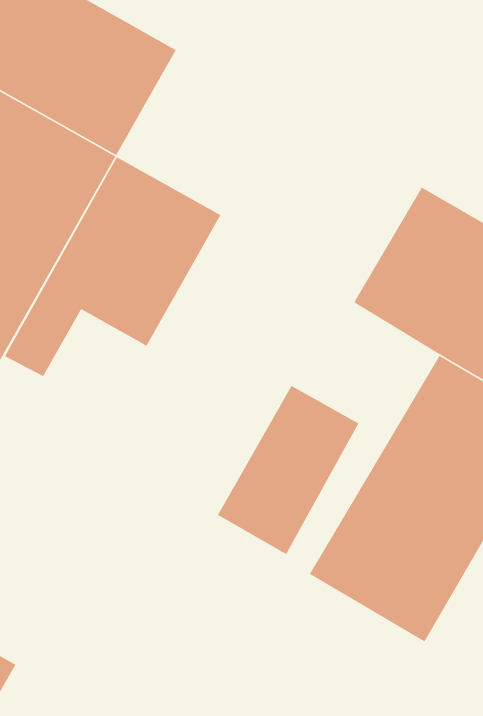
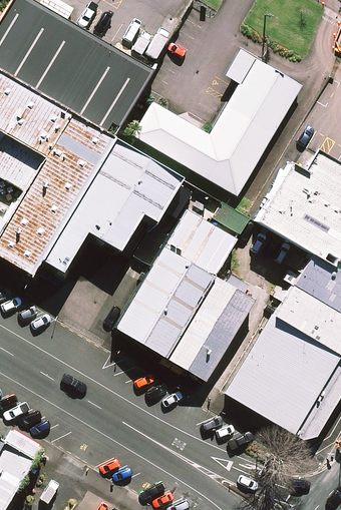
building: none -> [135,50,303,188]
building: none -> [122,209,238,360]

